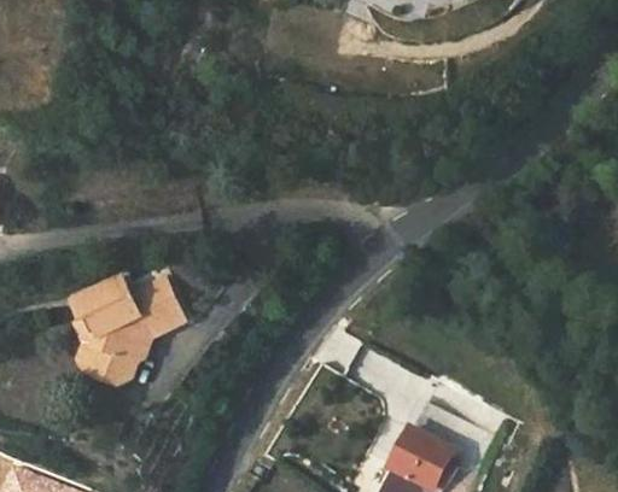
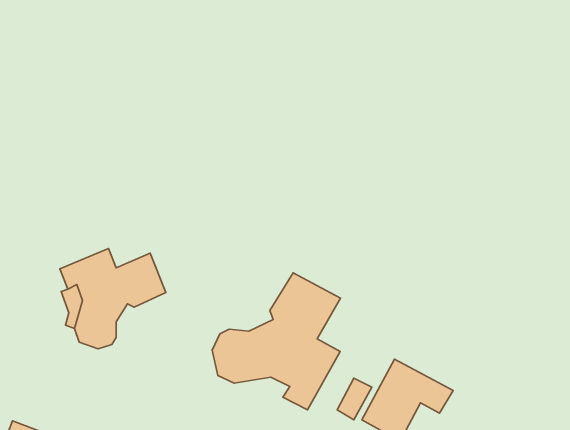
building: none -> [212,273,340,410]

